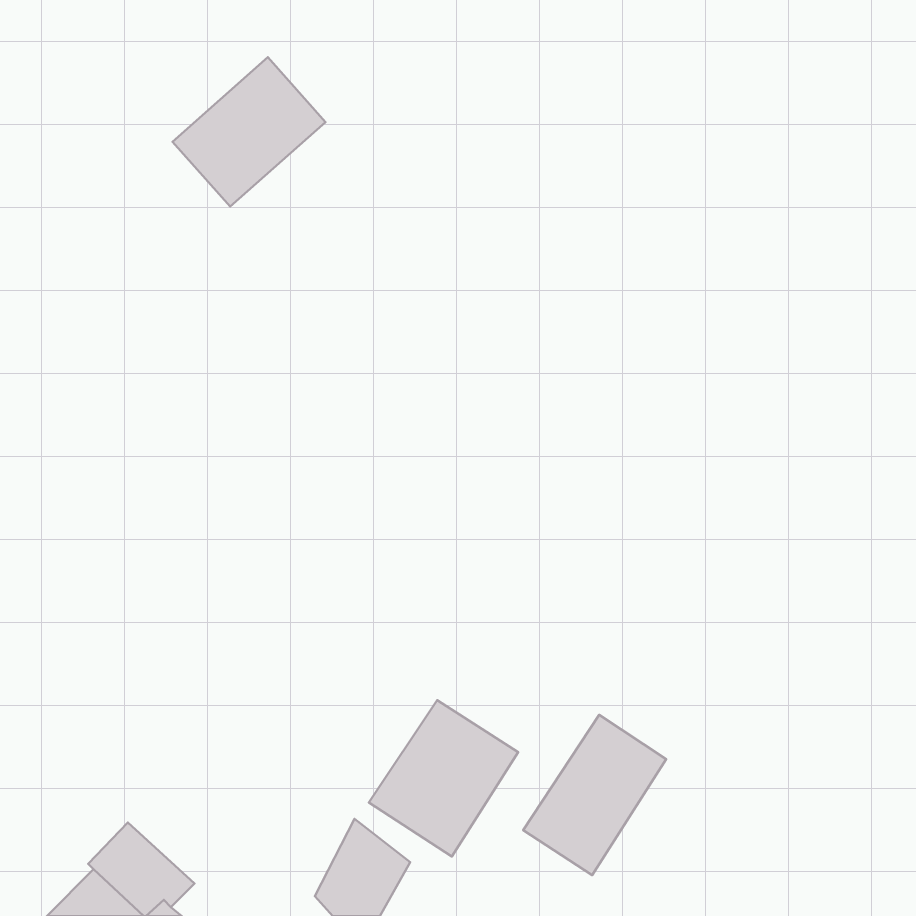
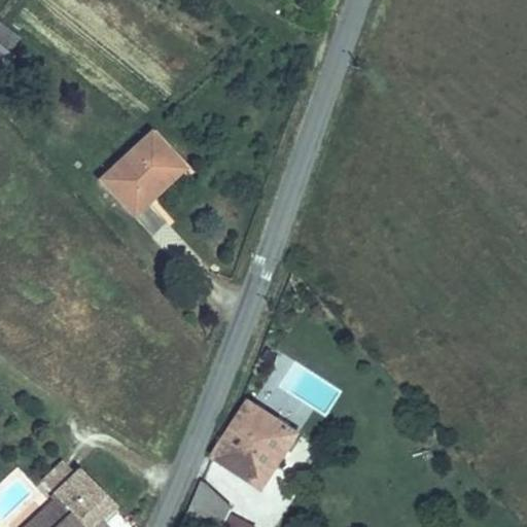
building: [173,57,326,207] -> [99,131,186,216]
building: [523,715,666,875] -> none

